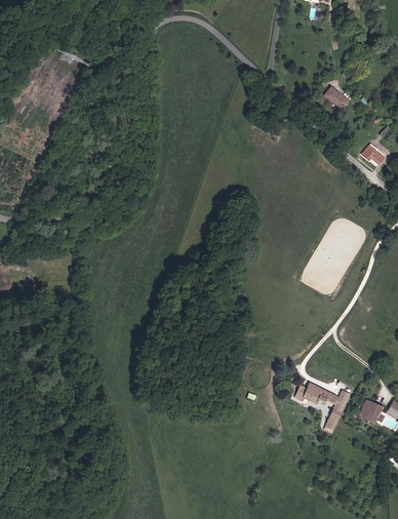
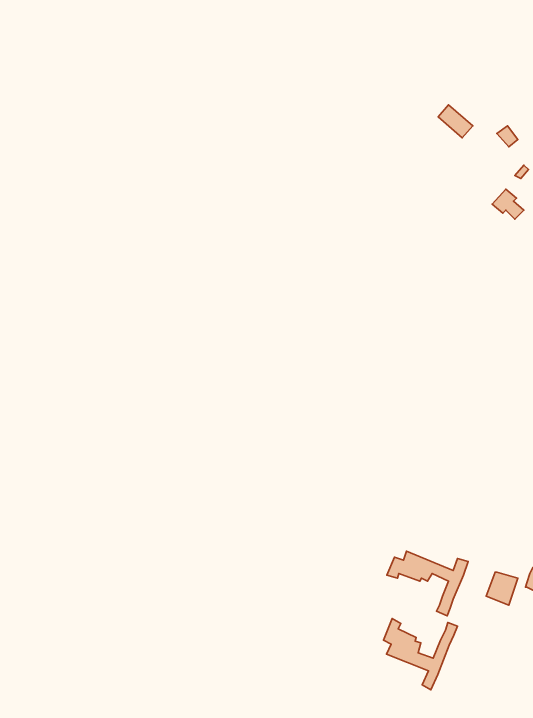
building: none -> [384,619,458,690]

